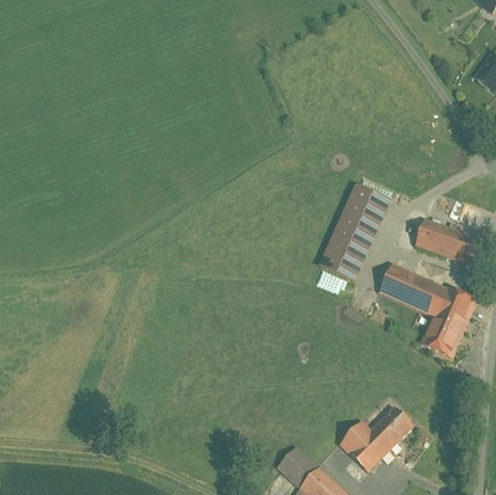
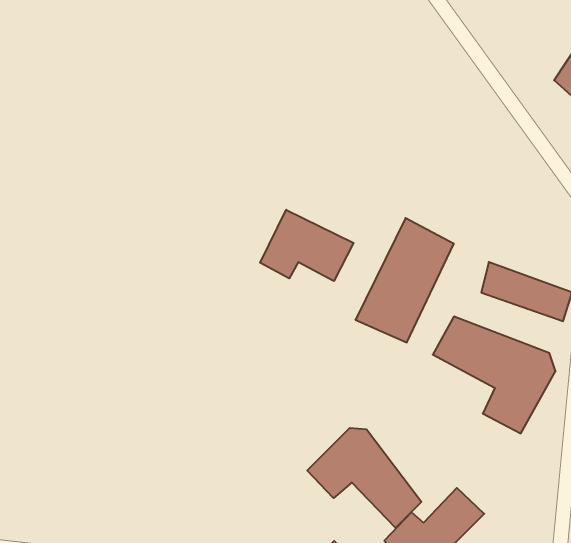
building: none -> [260,210,354,281]
building: none -> [307,428,421,528]

